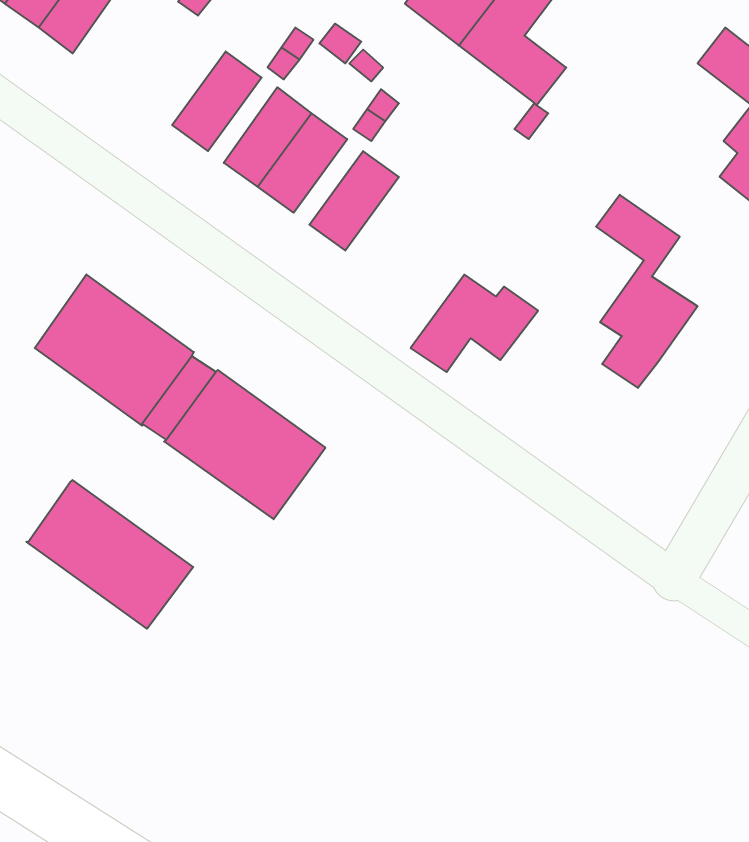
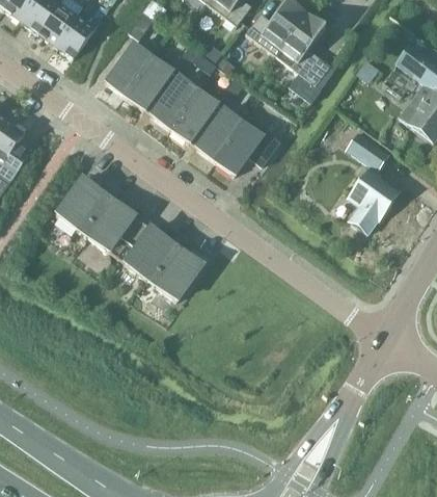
building: none -> [106,43,153,95]
building: [411,275,538,372] -> [215,122,281,173]
building: [26,480,193,629] -> none

